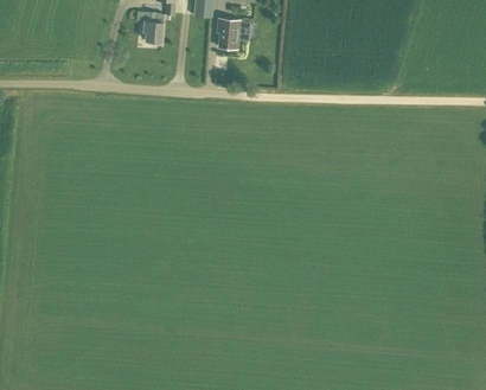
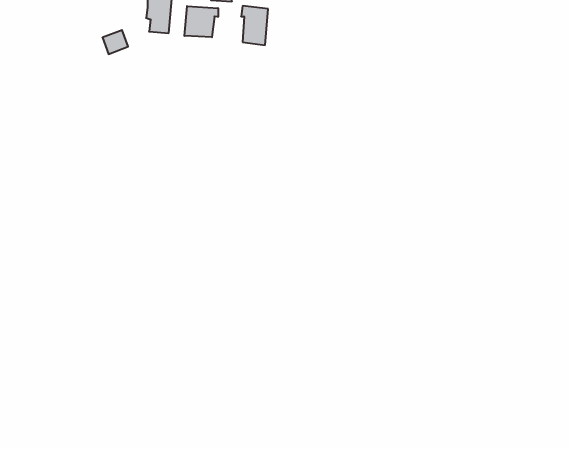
building: none -> [184,6,218,37]

